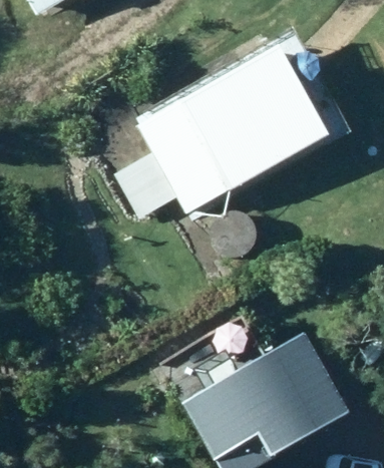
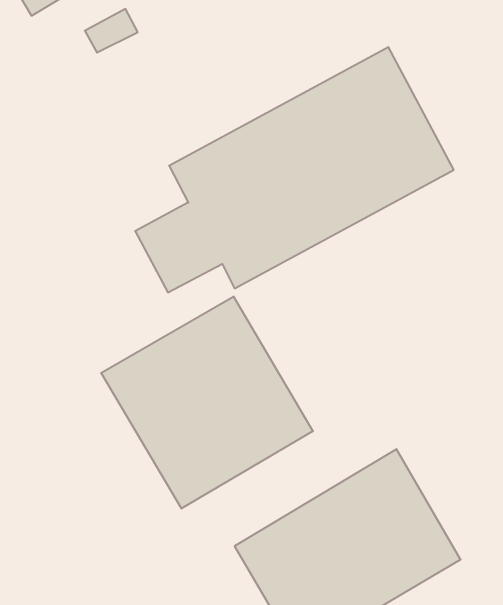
building: none -> [101,296,313,509]

